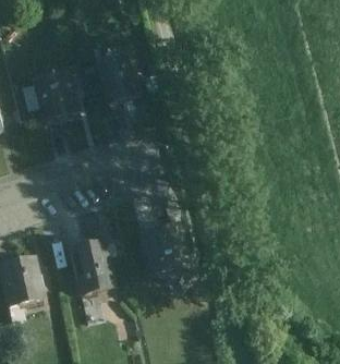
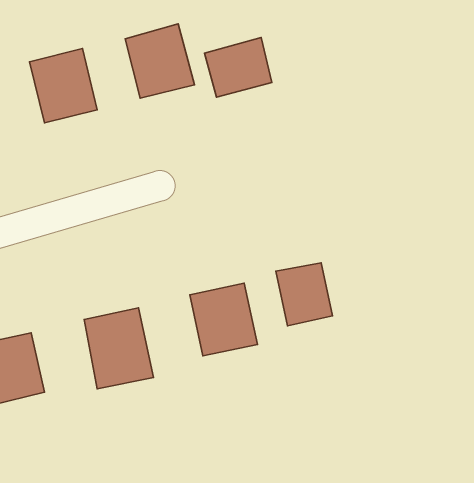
building: none -> [204,38,272,97]
building: none -> [276,263,333,326]

